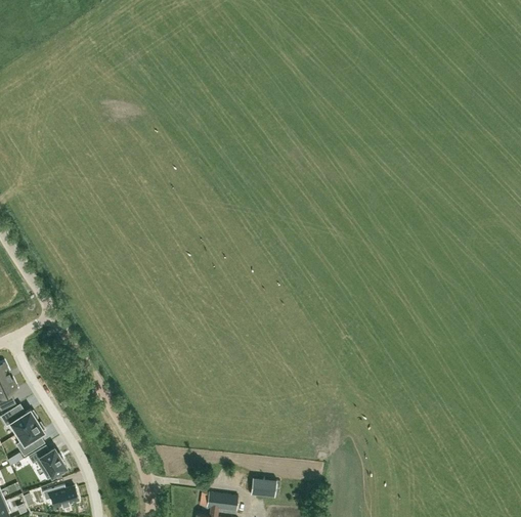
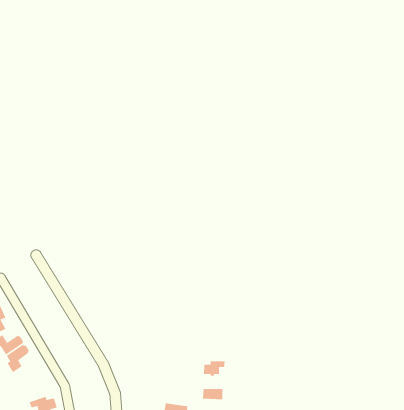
building: none -> [203,360,225,377]
building: [28,448,66,480] -> none

